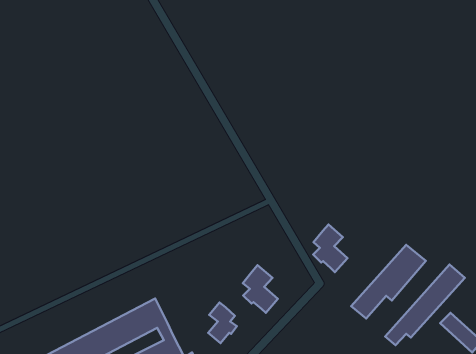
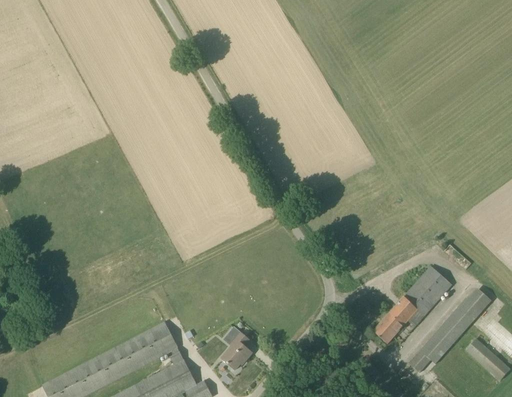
building: [313,224,347,272] -> none
building: [243,265,278,313] -> none

